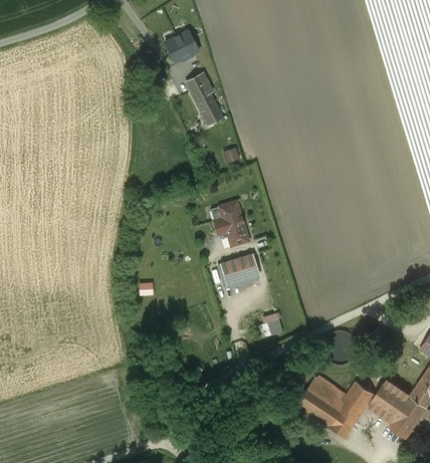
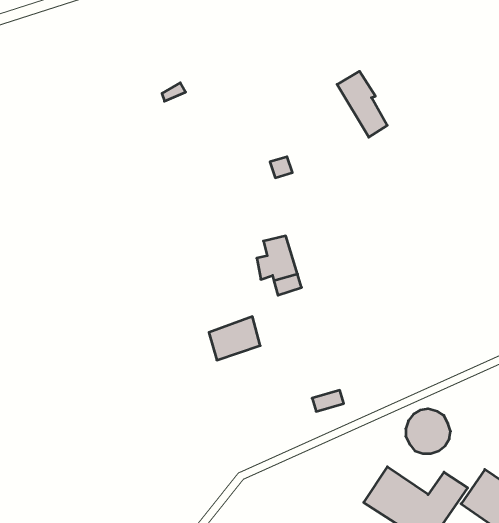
building: [166,31,198,61] -> none
building: [182,73,220,124] -> [337,71,387,137]
building: [220,253,259,286] -> [209,317,260,360]

